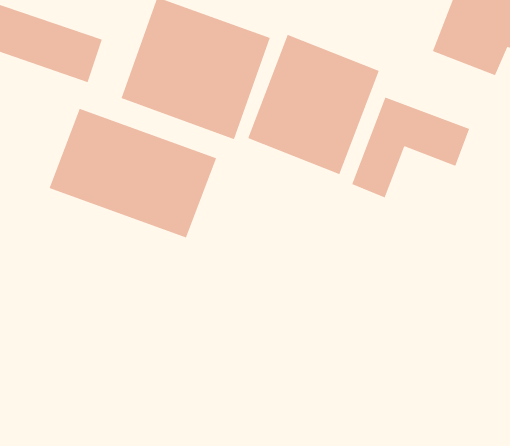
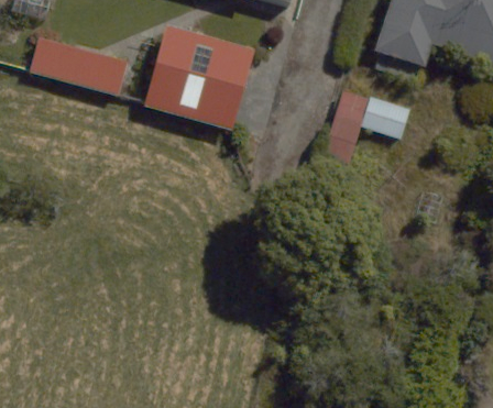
building: [247,34,380,175] -> none
building: [49,108,217,239] -> none

